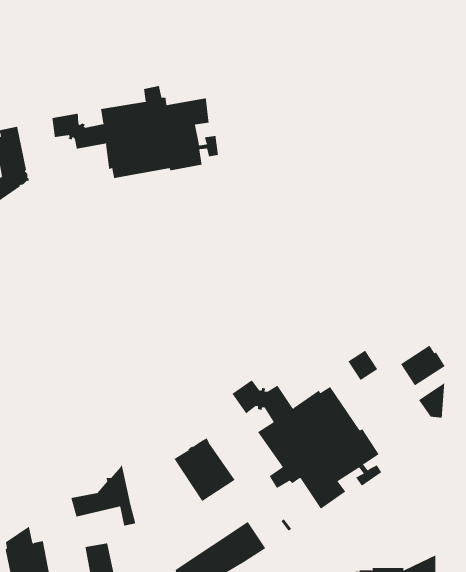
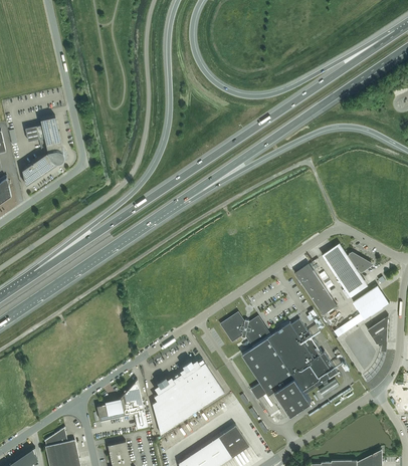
building: [52,85,219,179] -> none
building: none -> [323,244,373,297]
building: none -> [294,264,327,300]
building: none -> [152,375,199,435]

